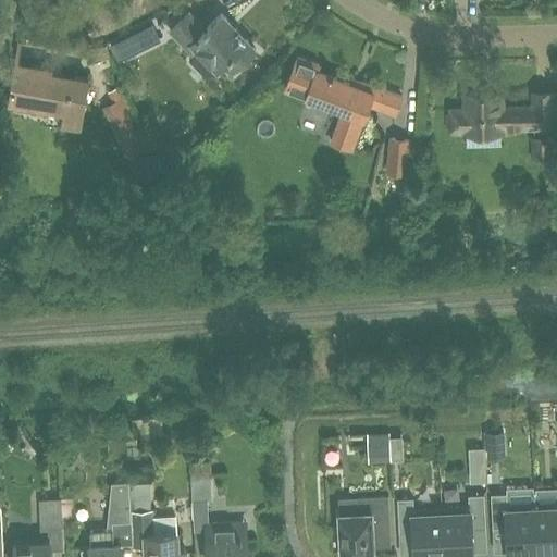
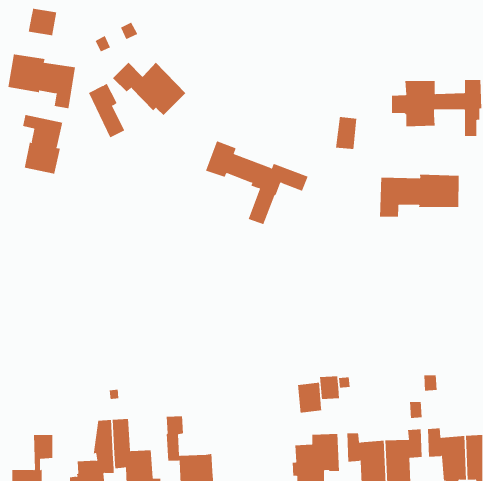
building: none -> [28,8,57,36]
building: [170,15,255,77] -> [112,62,186,116]
building: [282,58,400,154] -> [205,140,308,225]
building: none -> [23,114,63,174]
building: none -> [379,174,459,218]
building: none -> [298,382,322,414]

